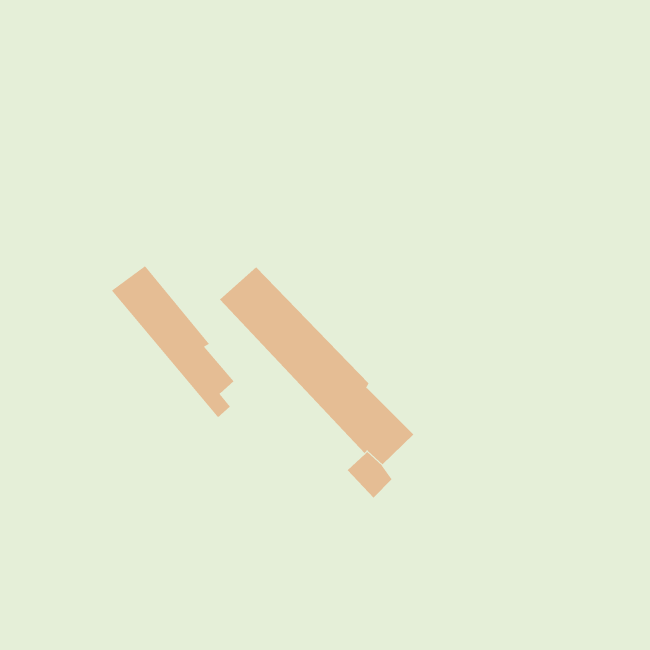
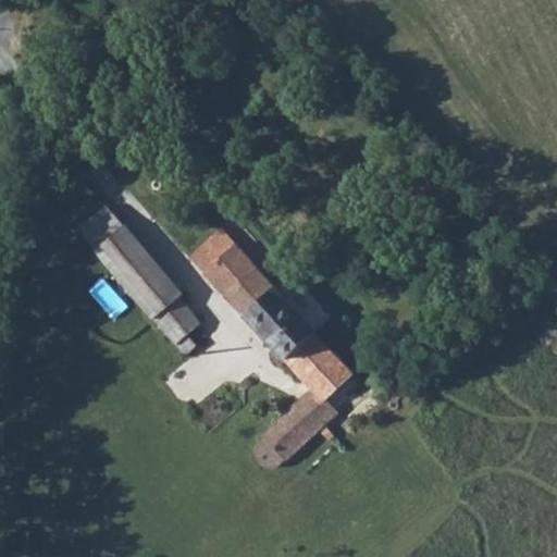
building: none -> [77,206,124,249]
building: none -> [259,403,319,462]

